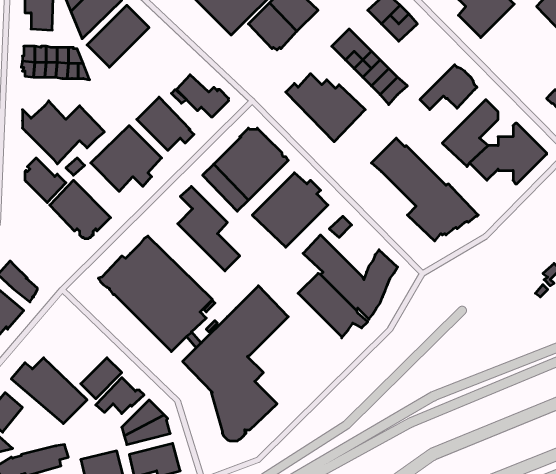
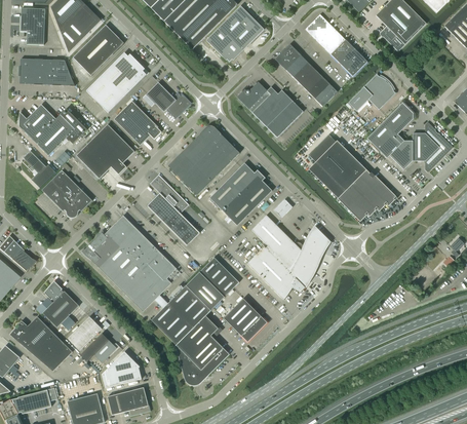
building: none -> [330,40,367,76]
building: none -> [86,52,147,113]
building: none -> [42,280,79,327]
building: none -> [224,298,267,342]

